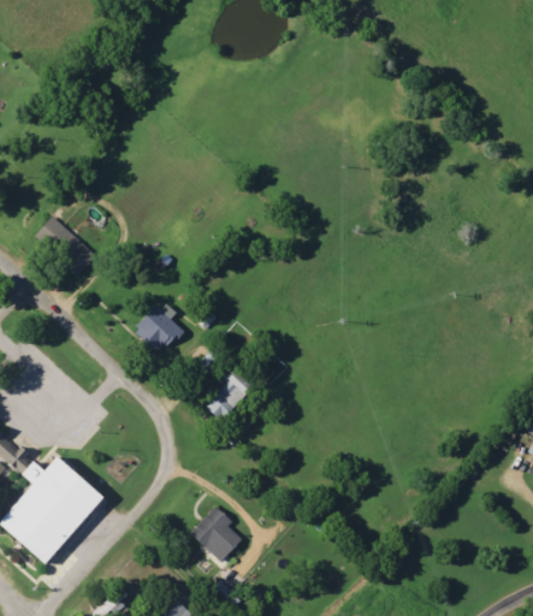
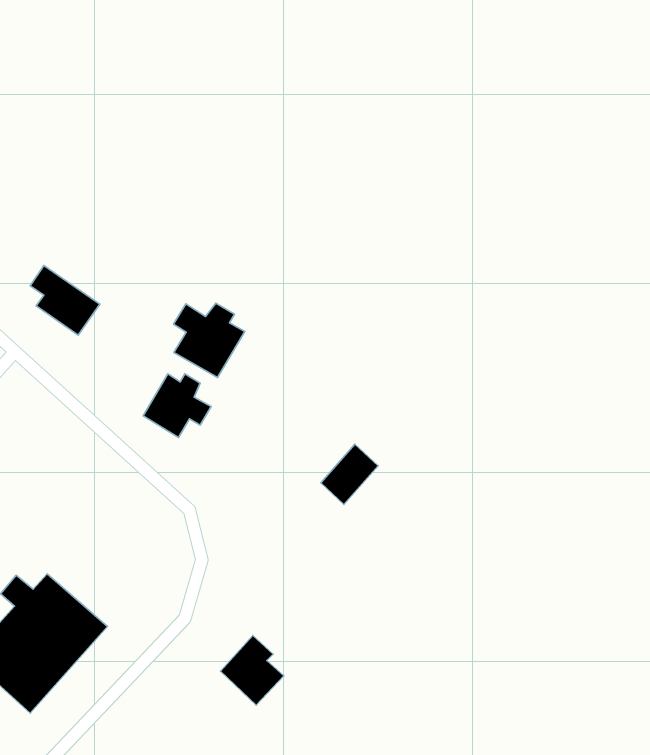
building: none -> [173,303,245,378]
building: [205,374,249,421] -> [321,444,378,505]

